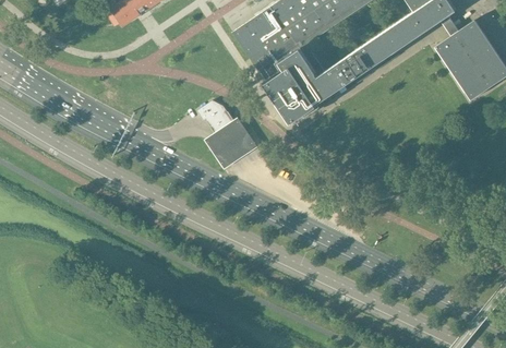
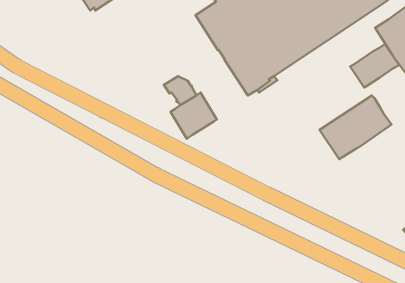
building: none -> [350,44,399,88]
building: none -> [320,95,391,159]

